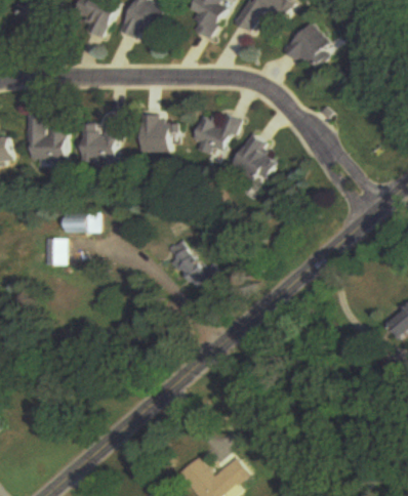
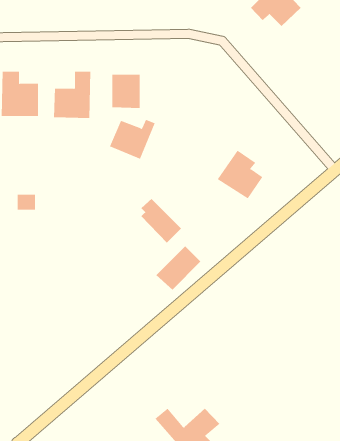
building: [189,116,236,157] -> [109,119,156,160]
building: [229,133,276,183] -> [217,150,263,199]
building: [66,213,99,233] -> none
building: none -> [156,246,201,290]

